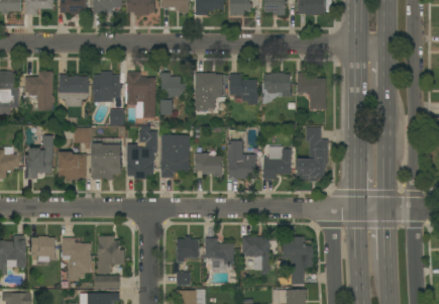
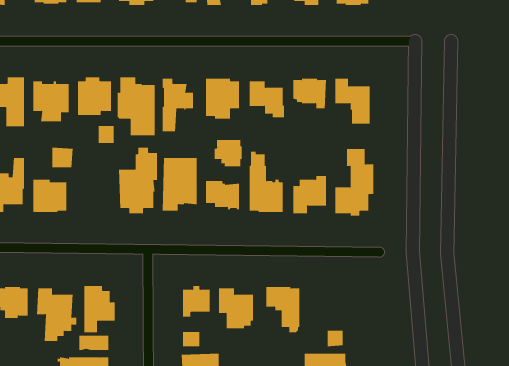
building: none -> [214,139,242,167]
building: [92,143,121,180] -> none
building: [283,236,304,262] -> none

